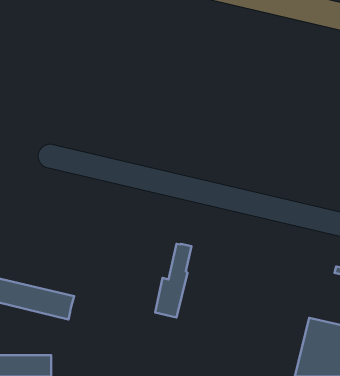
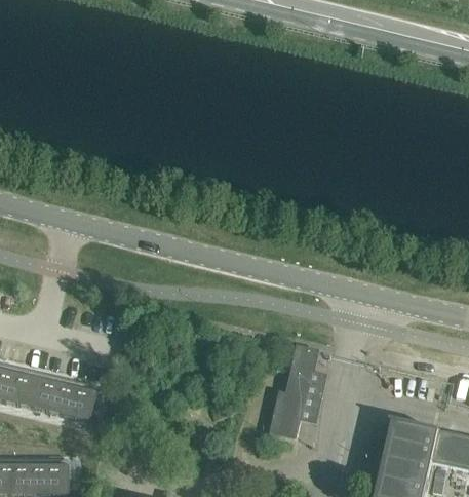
building: [155,244,192,318] -> [271,348,316,439]

